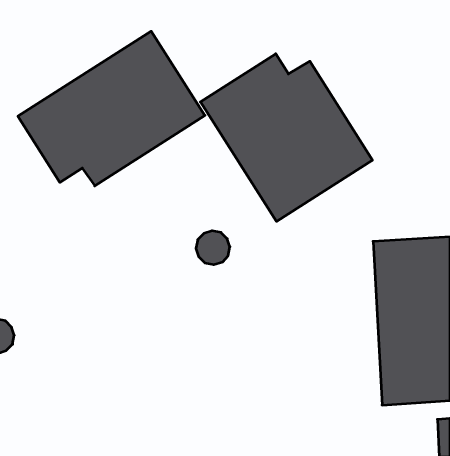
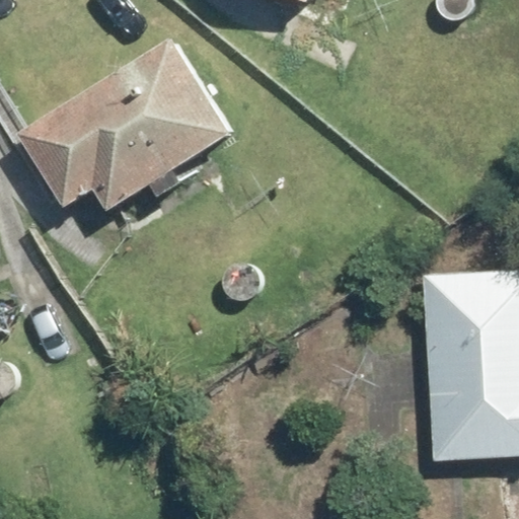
building: [200,54,372,221] -> none

